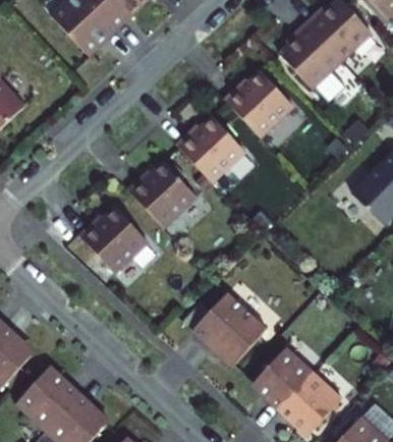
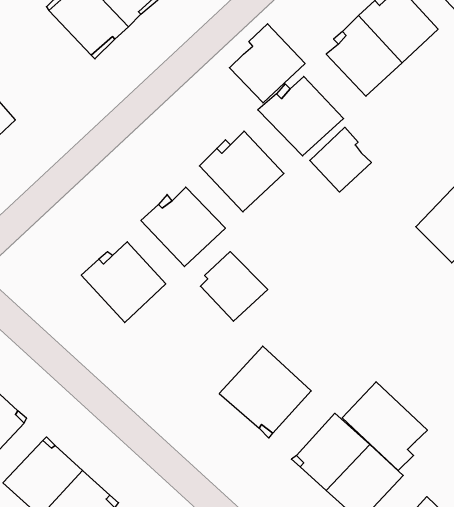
building: none -> [229,24,305,103]
building: none -> [310,127,371,192]
building: none -> [200,252,268,321]
building: none -> [342,382,427,471]

